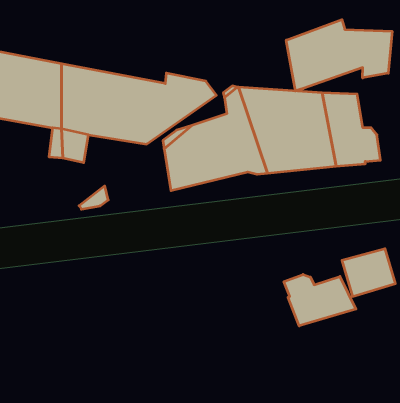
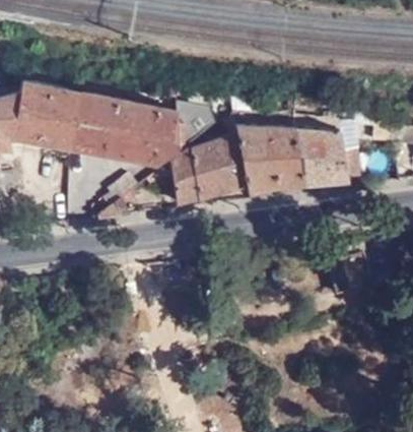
building: [286,20,392,91] -> none
building: [284,274,356,326] -> none

